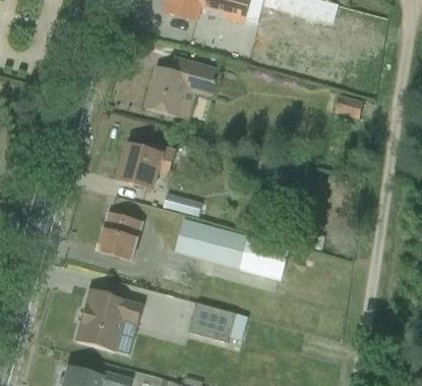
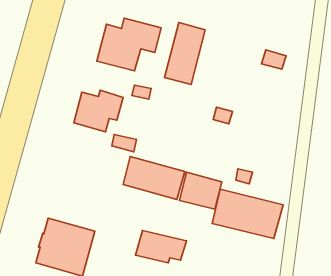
building: none -> [164,22,205,84]
building: [98,212,142,260] -> none
building: none -> [212,189,283,239]

